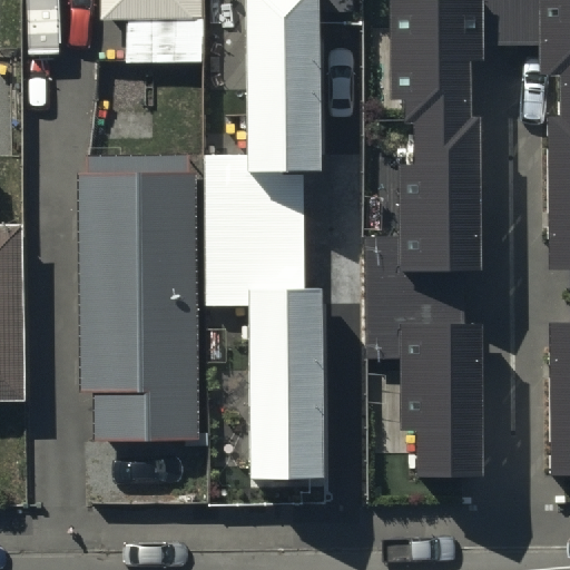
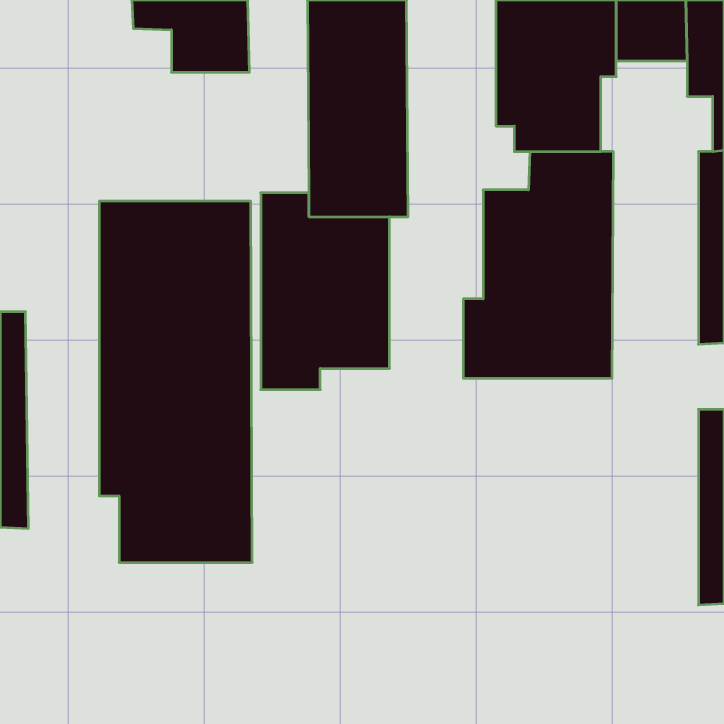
building: [252,289,325,483] -> none
building: [364,297,481,479] -> none

